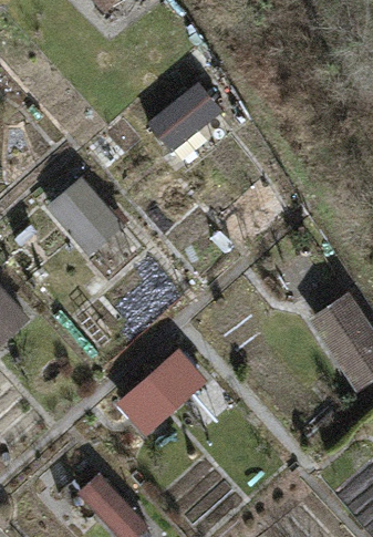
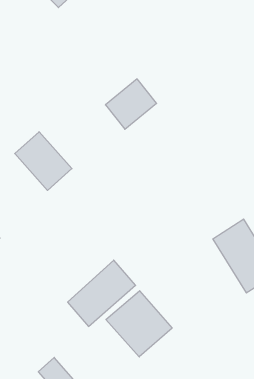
building: none -> [106,291,172,357]

